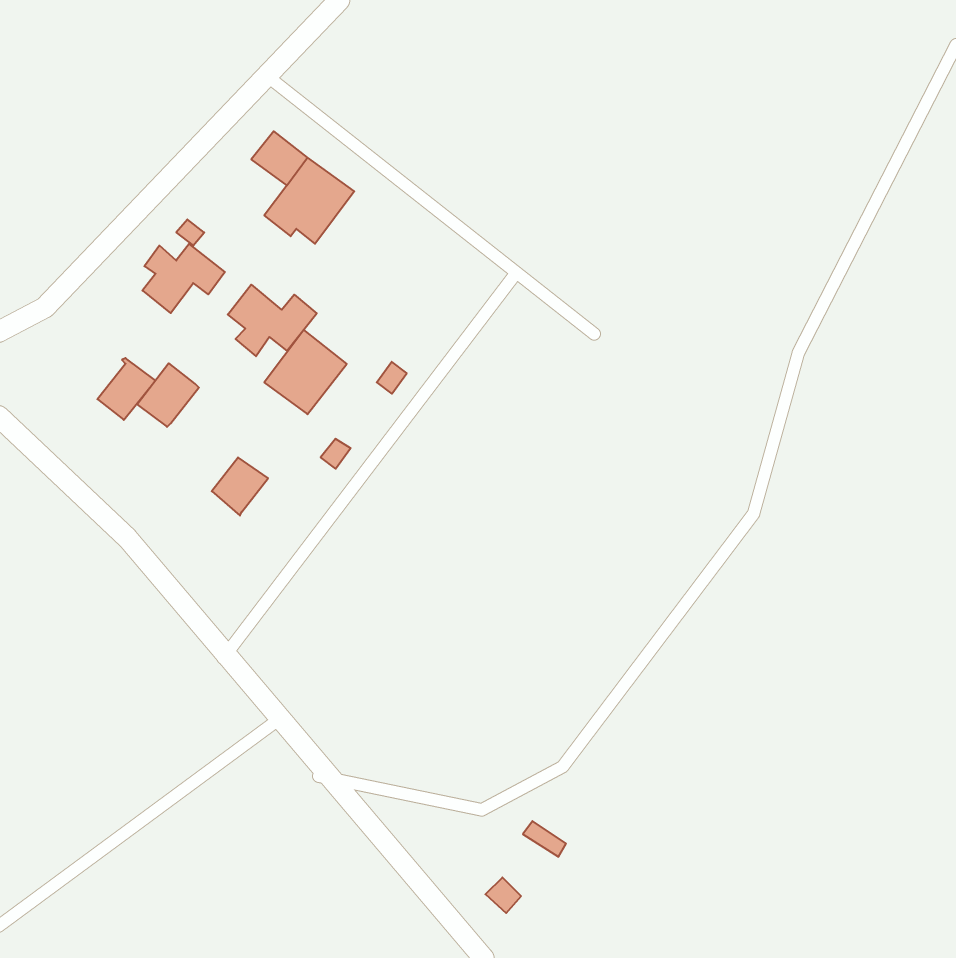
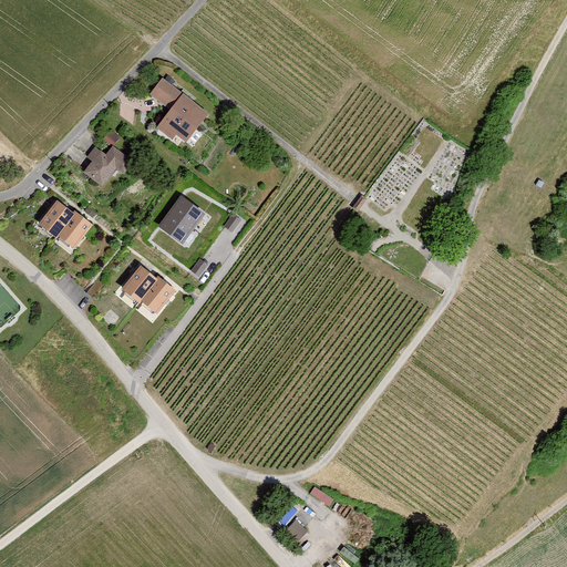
building: [228,285,317,356] -> none
building: [137,363,199,427] -> [38,200,74,238]
building: none -> [143,281,176,315]

